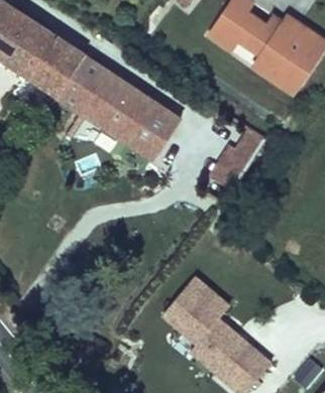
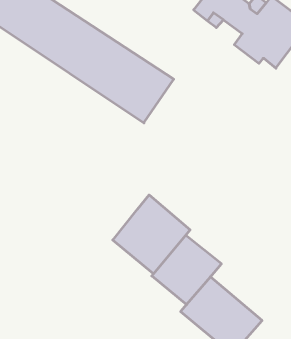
building: [208,125,267,190] -> none
building: none -> [113,195,190,274]

